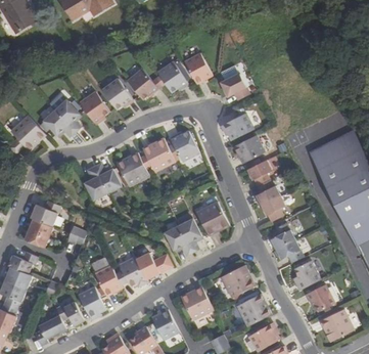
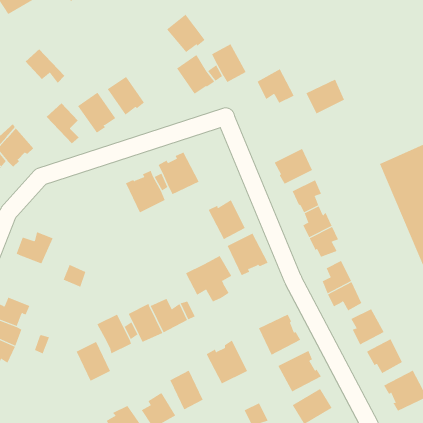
building: [127,68,157,98] -> [166,14,205,53]
building: [43,109,75,137] -> [25,49,65,84]
building: [222,113,252,140] -> [306,79,345,114]
building: [170,129,199,161] -> [208,200,246,240]
building: [84,162,121,200] -> none
building: [24,218,52,247] -> none
building: [35,301,84,345] -> none

